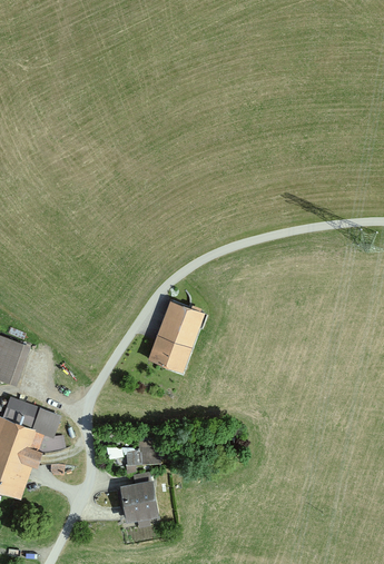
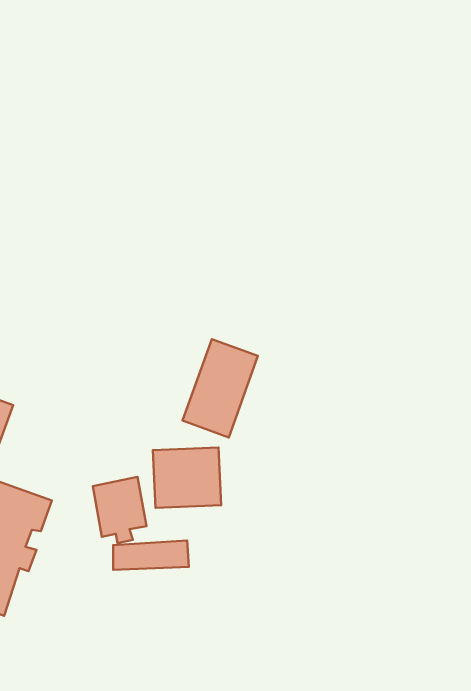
building: none -> [153,447,221,508]
building: [120,479,159,527] -> [93,477,147,543]

